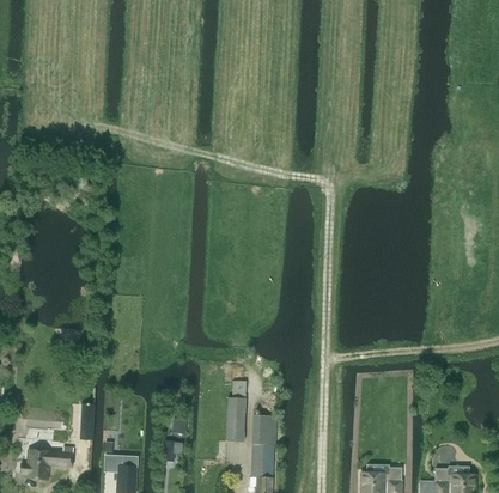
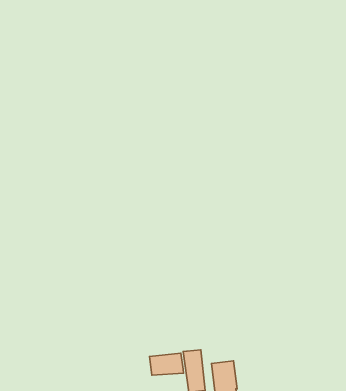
building: none -> [150,353,183,375]

